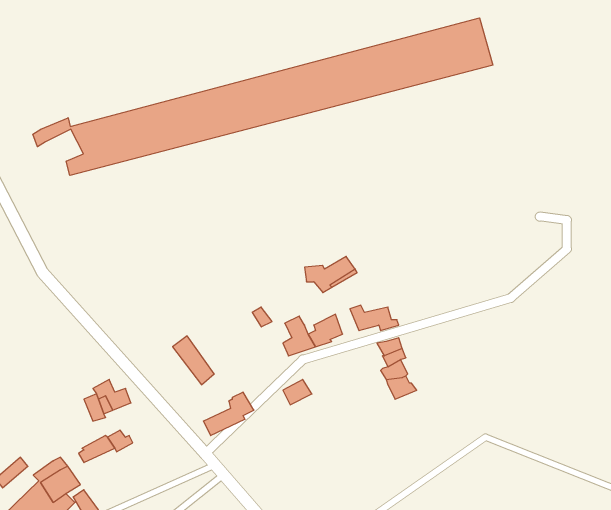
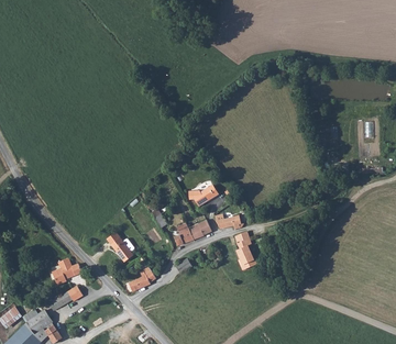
building: [33,18,493,175] -> none

